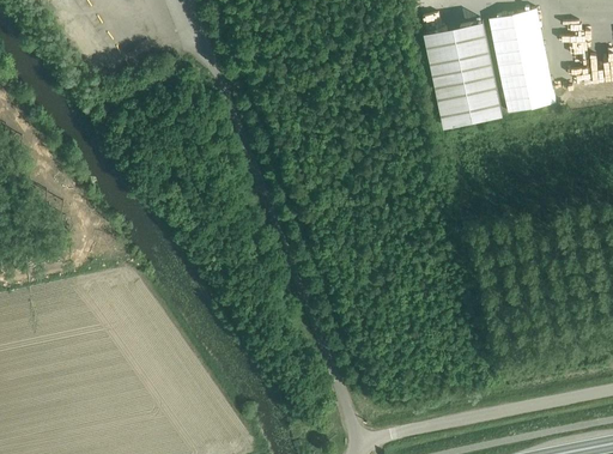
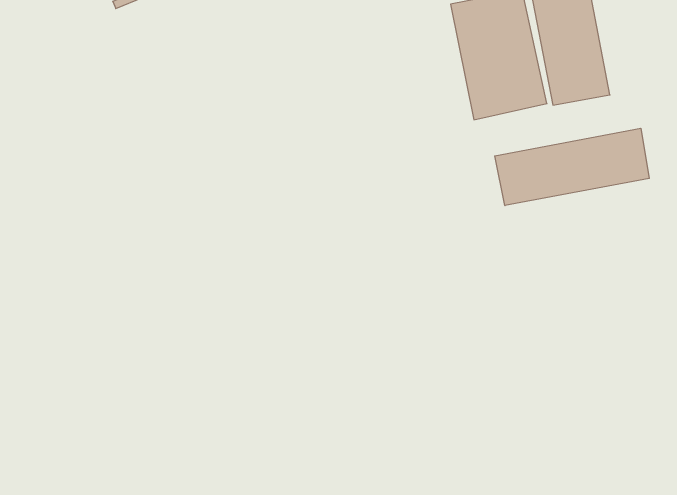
building: none -> [495,128,649,206]

